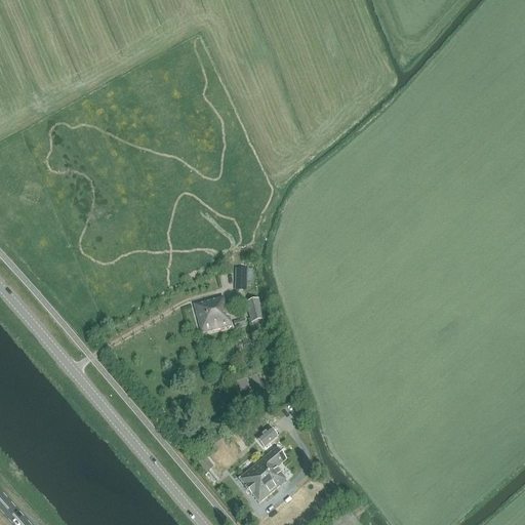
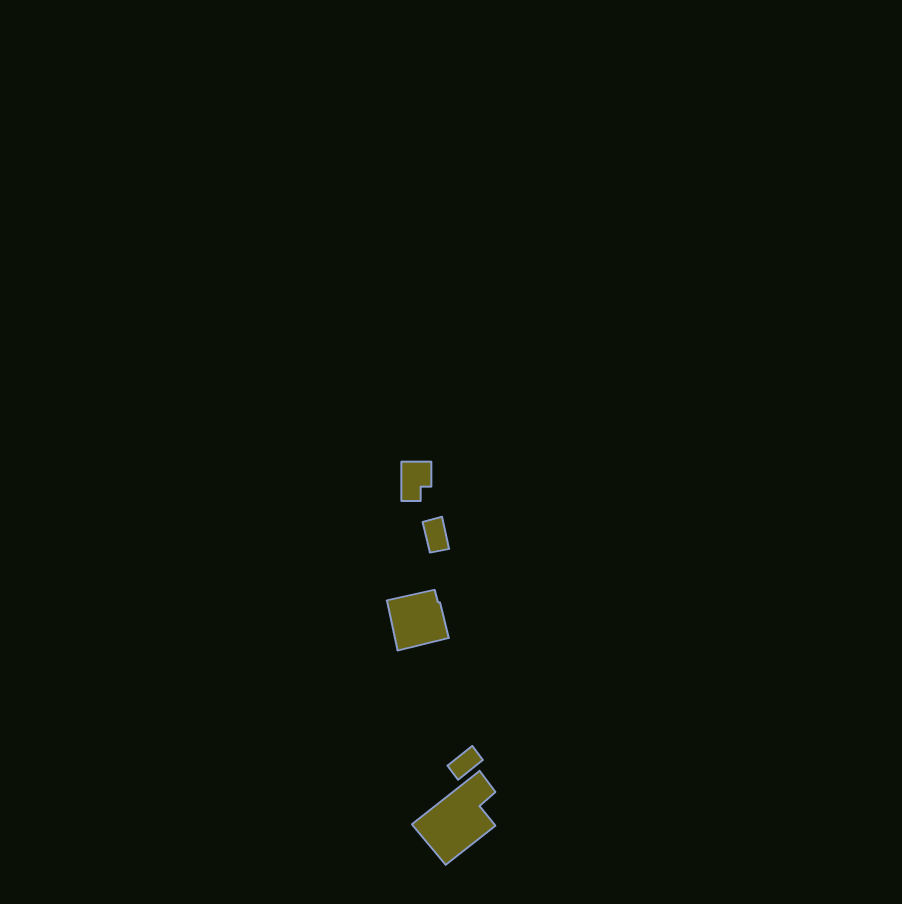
building: [196,296,232,331] -> [387,590,449,650]

